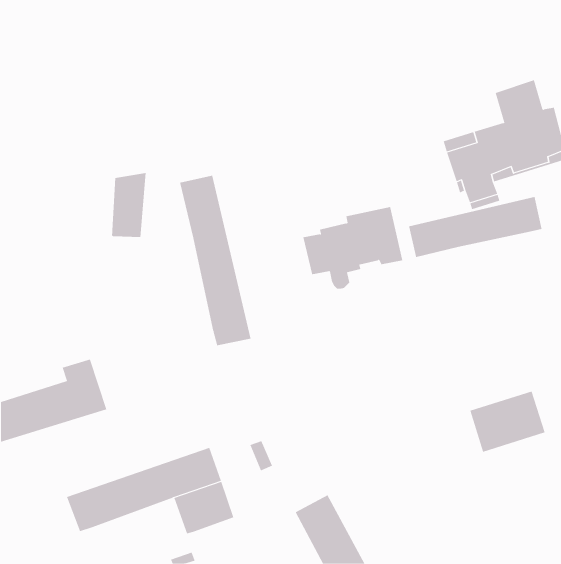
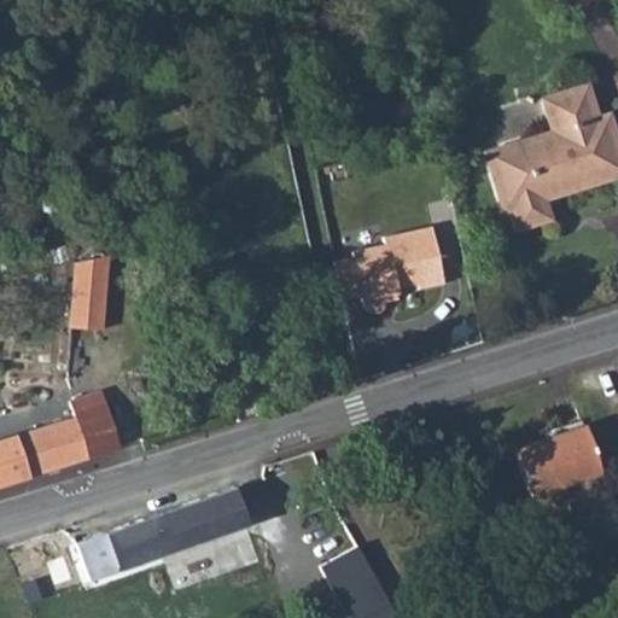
building: [111,172,147,238] -> [71,257,110,328]
building: [179,175,251,346] -> none
building: [409,196,542,258] -> none

